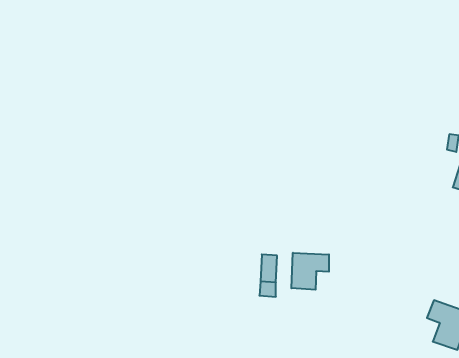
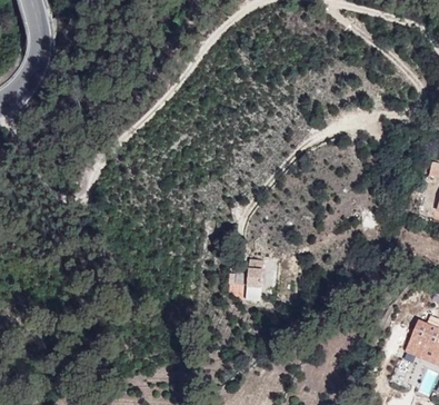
building: [291,253,329,290] -> none

